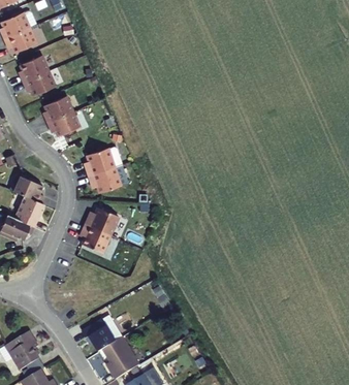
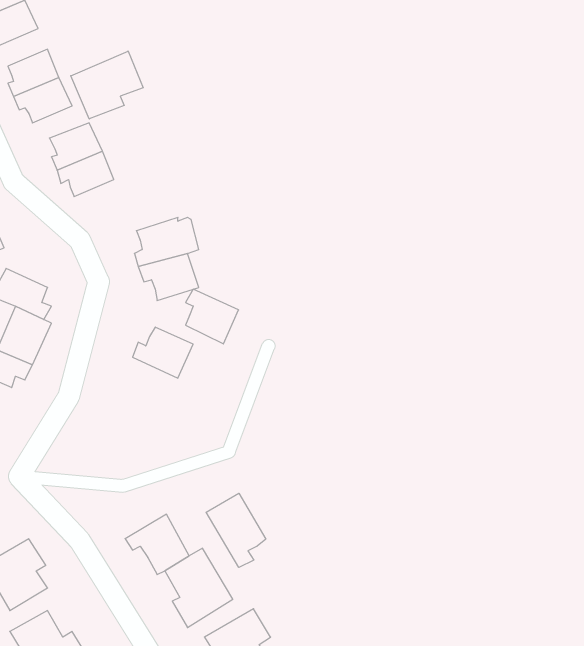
building: none -> [71,51,143,119]
building: [83,225,112,255] -> [186,289,239,344]
building: none -> [206,493,266,567]

